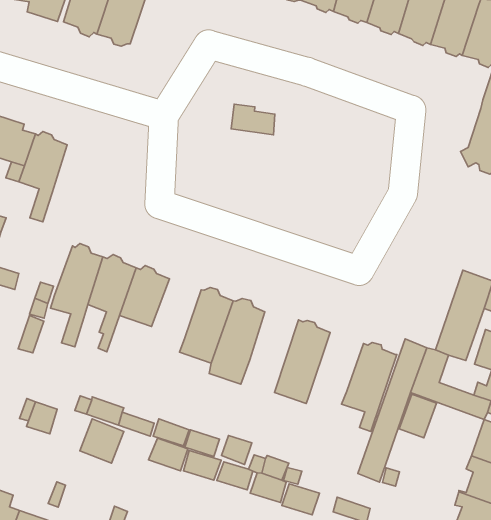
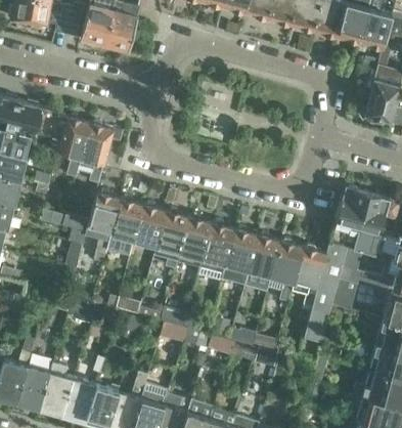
building: none -> [81,122,114,185]
building: none -> [329,187,368,249]
building: none -> [153,210,188,269]
building: none -> [221,227,257,286]
building: none -> [267,241,303,302]

